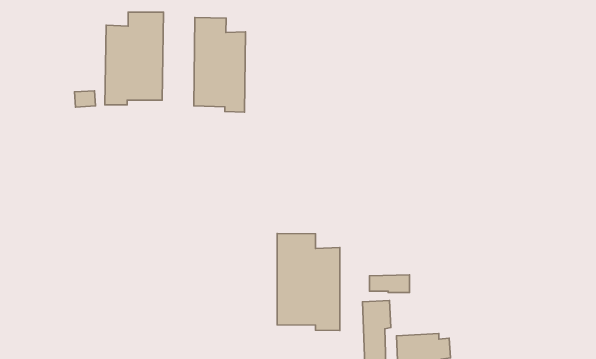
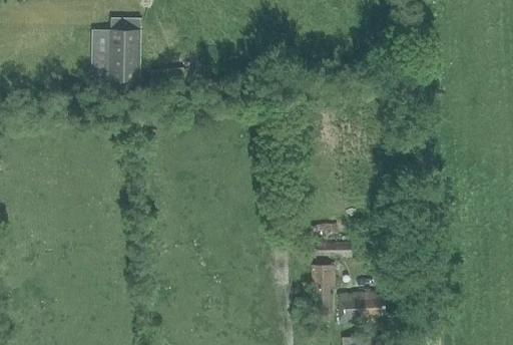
building: [194,17,246,112] -> none
building: [277,233,340,330] -> none

